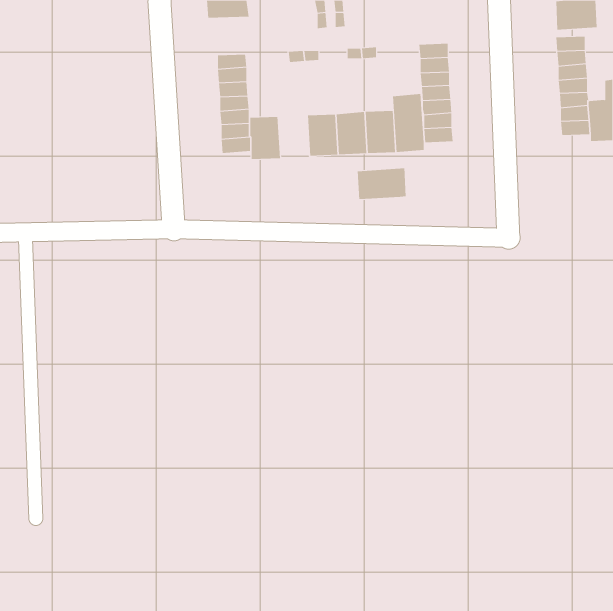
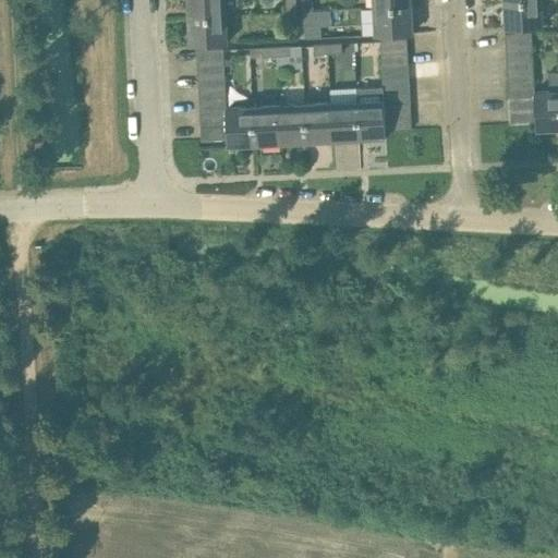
building: none -> [374,8,413,36]
building: none -> [189,17,228,46]
building: none -> [253,107,281,146]
building: [357,168,406,200] -> none

